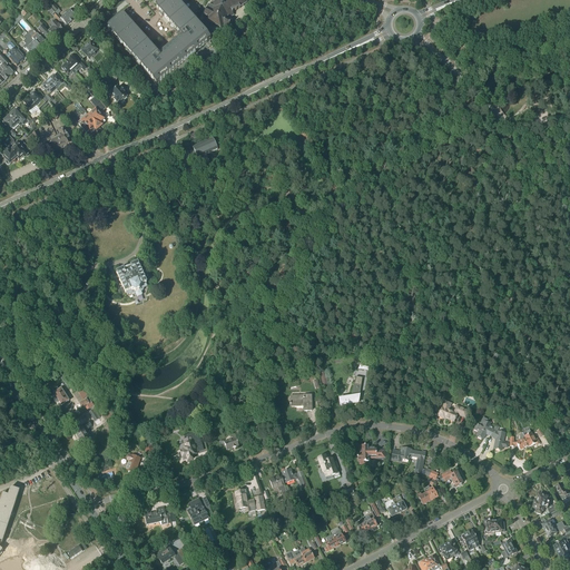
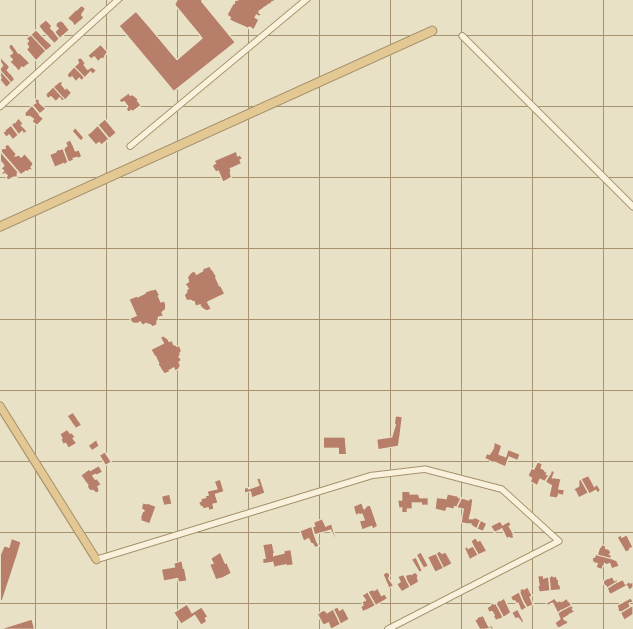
building: none -> [184,266,225,311]
building: none -> [151,336,182,374]

